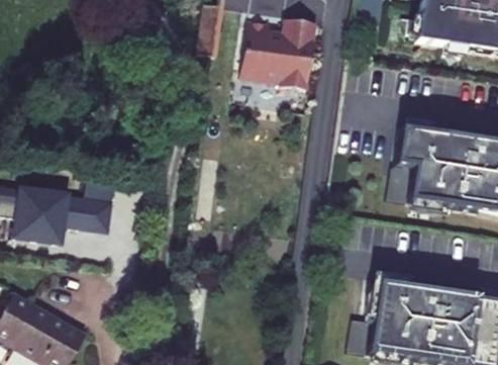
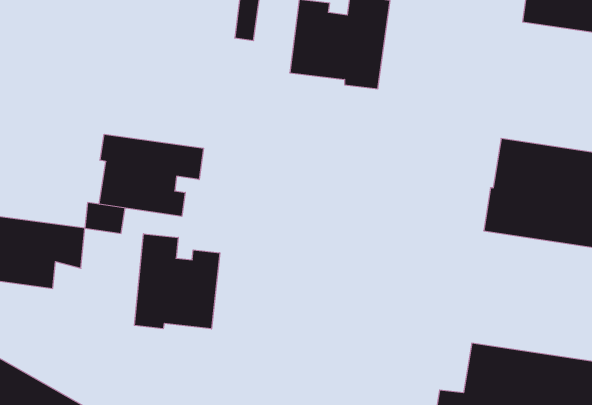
building: none -> [99,134,204,216]
building: [83,196,113,230] -> none
building: none -> [134,234,220,329]

